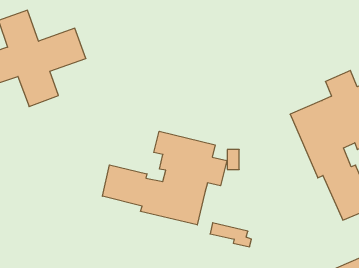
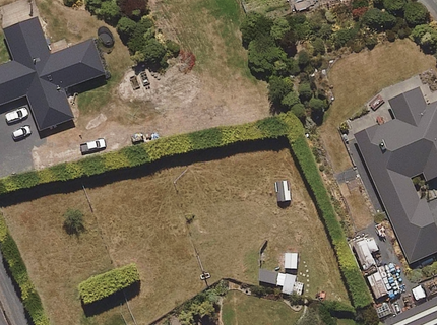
building: [102,131,227,225] -> none

